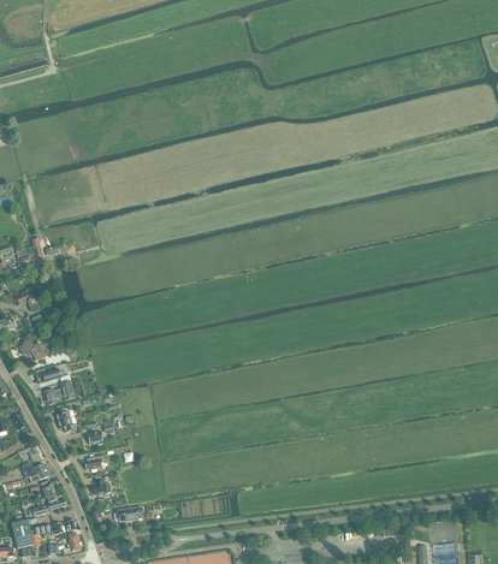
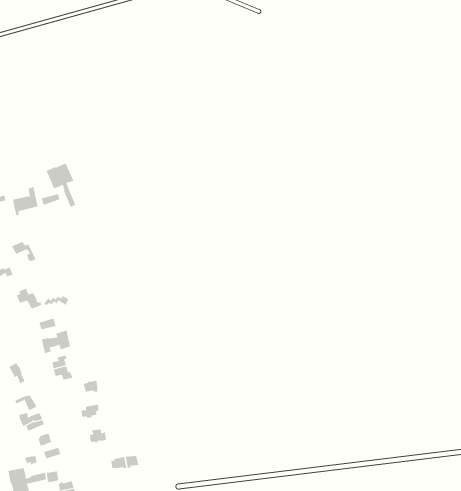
building: none -> [46,163,76,208]

